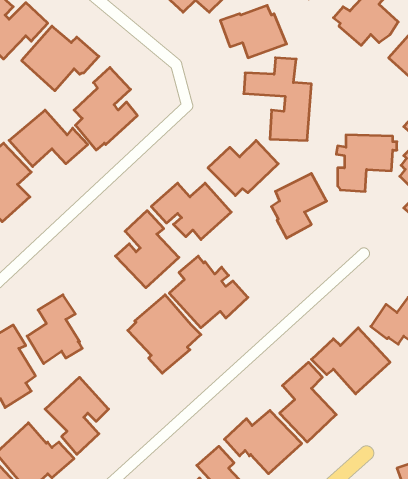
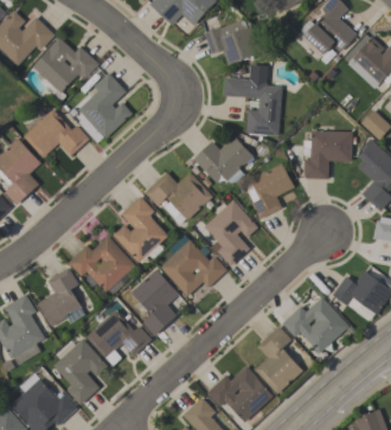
building: none -> [204,200,257,265]
building: none -> [69,236,136,294]
building: none -> [86,309,152,366]

